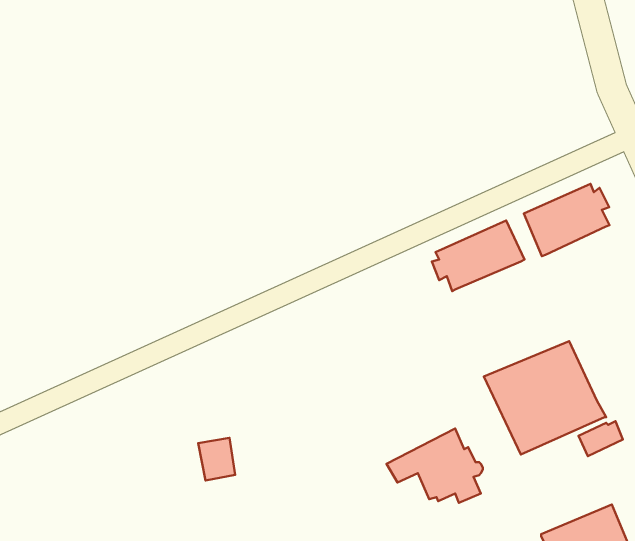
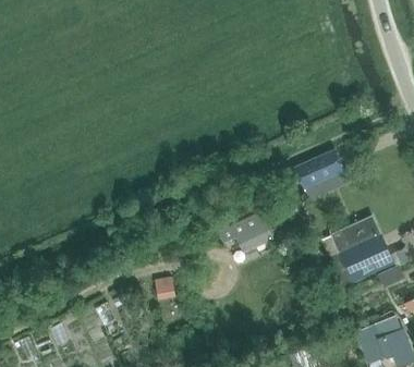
building: [524,184,609,256] -> none
building: [386,429,483,503] -> [218,211,275,255]

